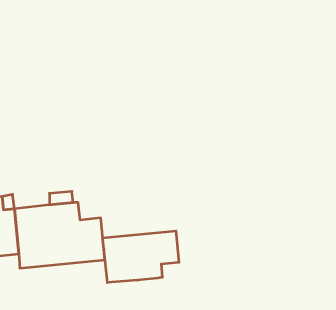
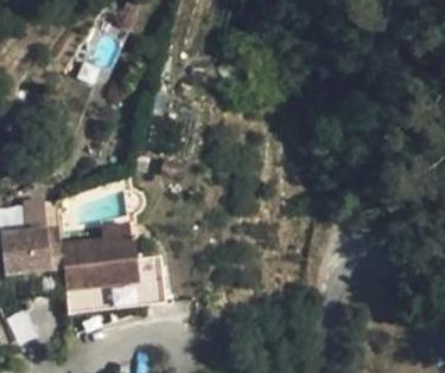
building: [103,231,179,283] -> none

